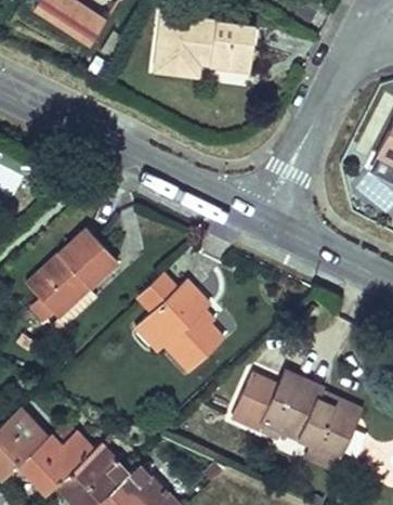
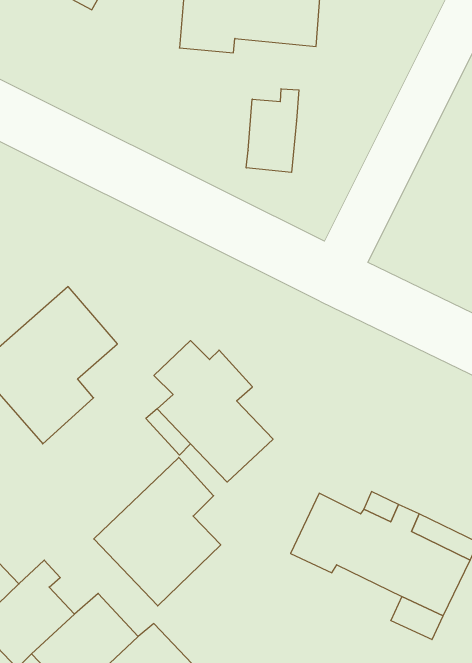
building: none -> [246,89,299,172]
building: none -> [94,457,221,606]

